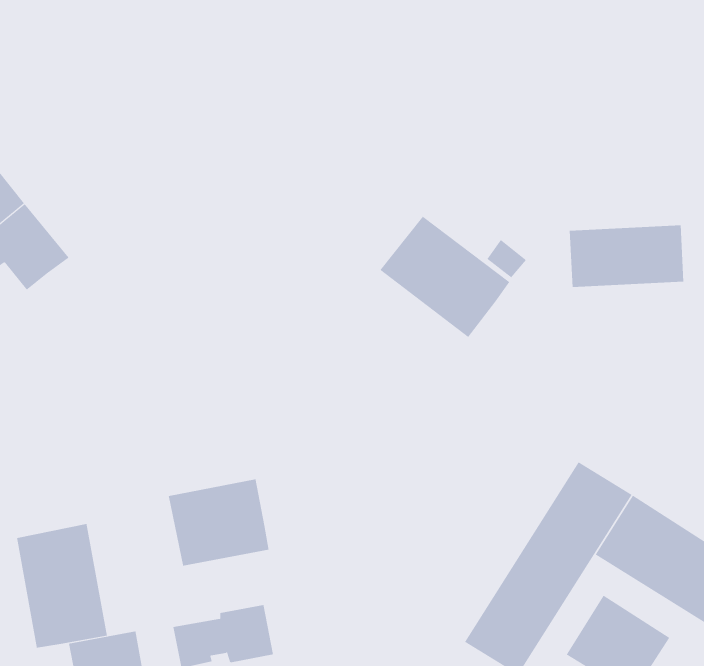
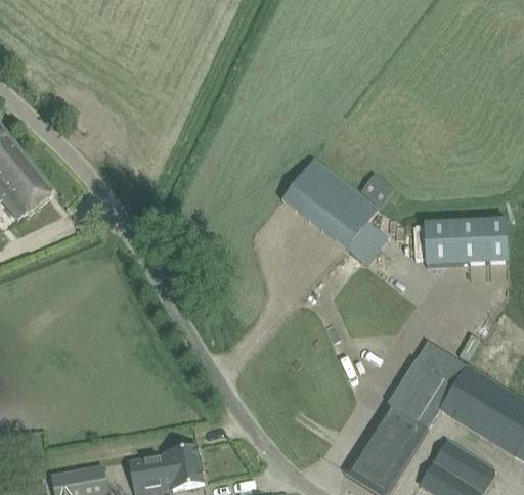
building: [569,225,684,287] -> [424,219,509,265]
building: none -> [347,223,387,265]
building: [168,479,269,567] -> none
building: [16,523,108,648] -> none

